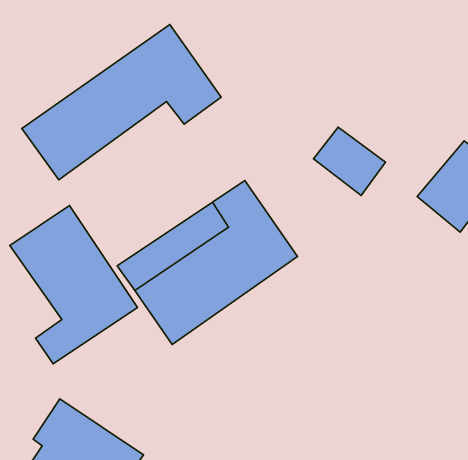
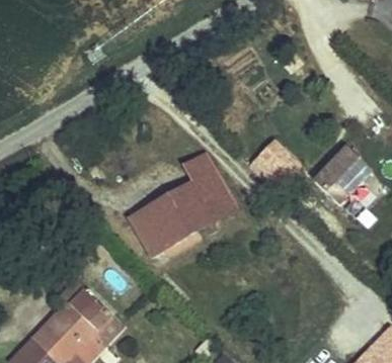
building: [22,25,221,180] -> none
building: [10,205,137,364] -> none

